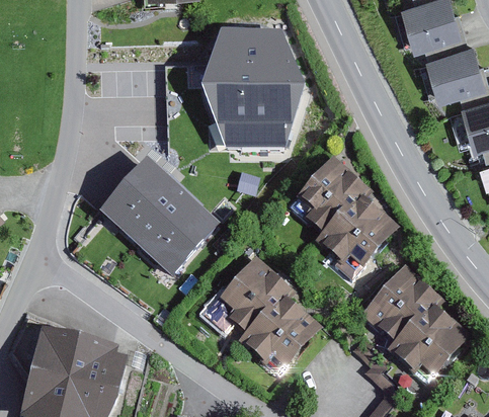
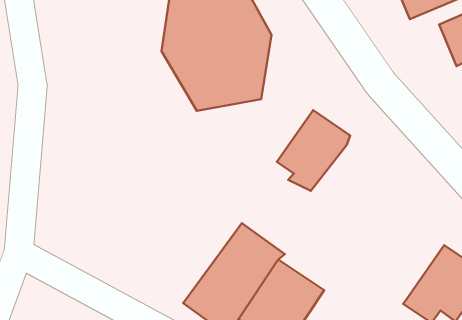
building: [99,157,219,274] -> none
building: [312,197,396,269] -> none
building: [360,271,437,348] -> none

